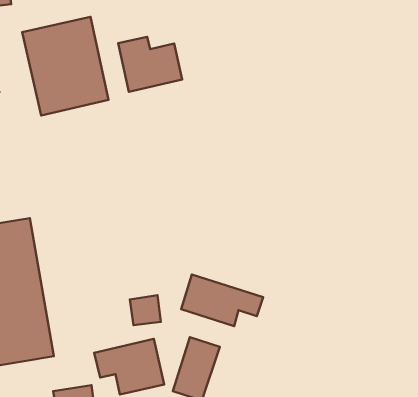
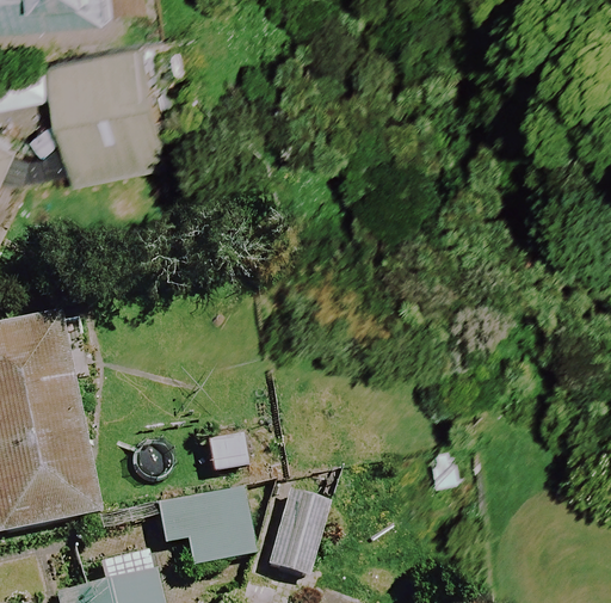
building: [118,37,182,92] -> none
building: [181,275,263,326] -> none

